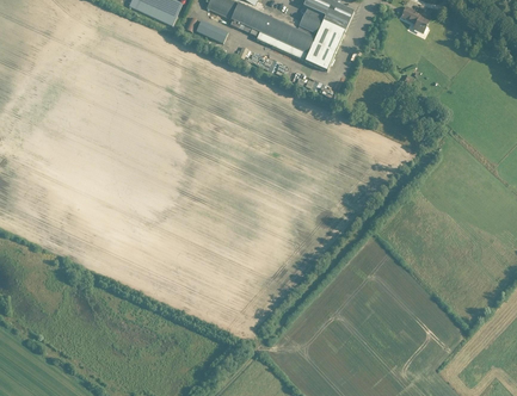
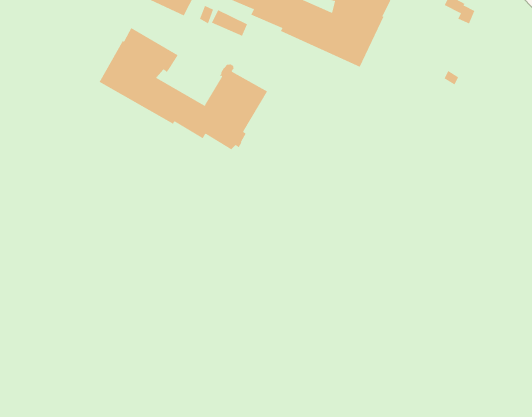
building: none -> [99,27,268,150]

